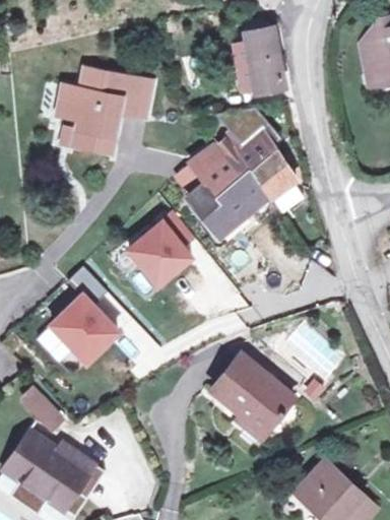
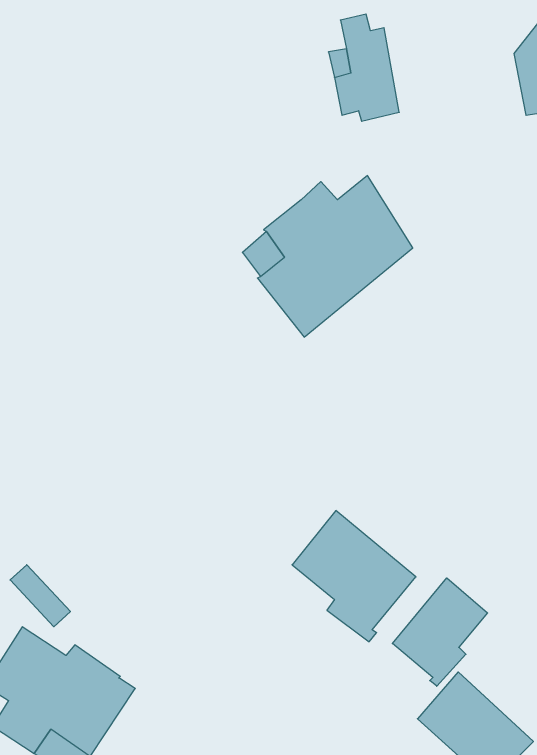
building: [59,69,149,150] -> none
building: [129,211,194,284] -> none
building: [52,266,119,361] -> none
building: none -> [392,578,488,686]

